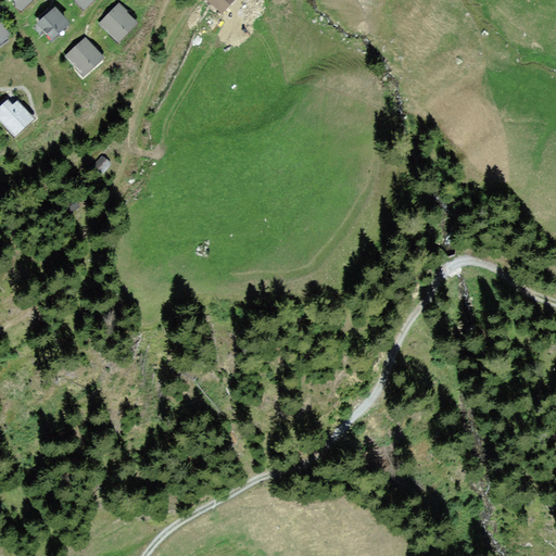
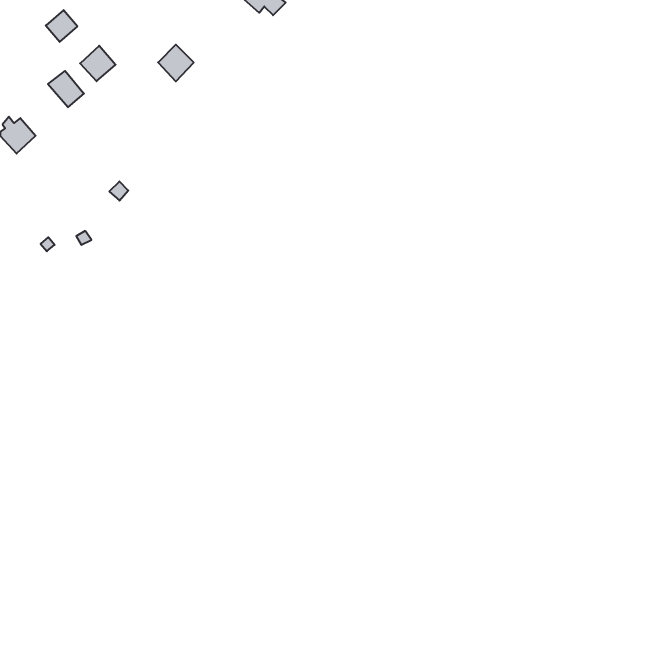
building: [102,5,132,37] -> [158,45,194,81]
building: none -> [48,71,84,107]

